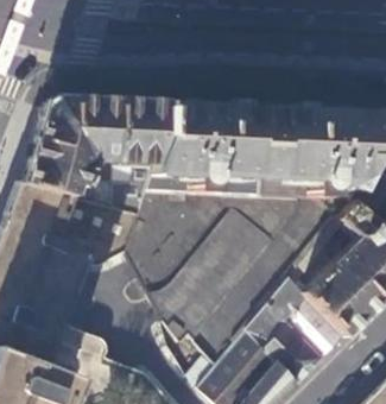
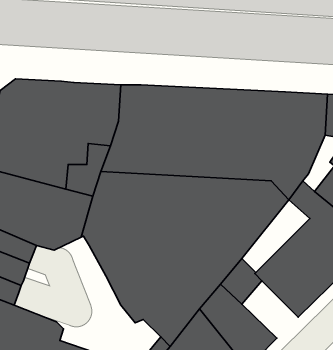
building: [285,301,342,359] -> none

